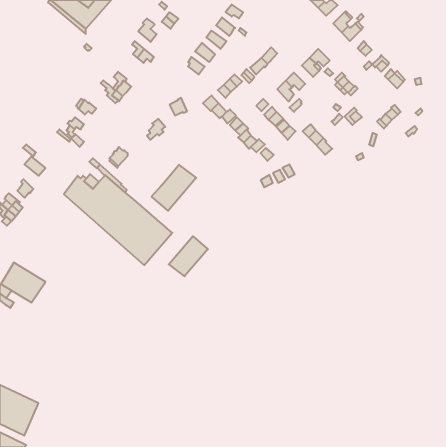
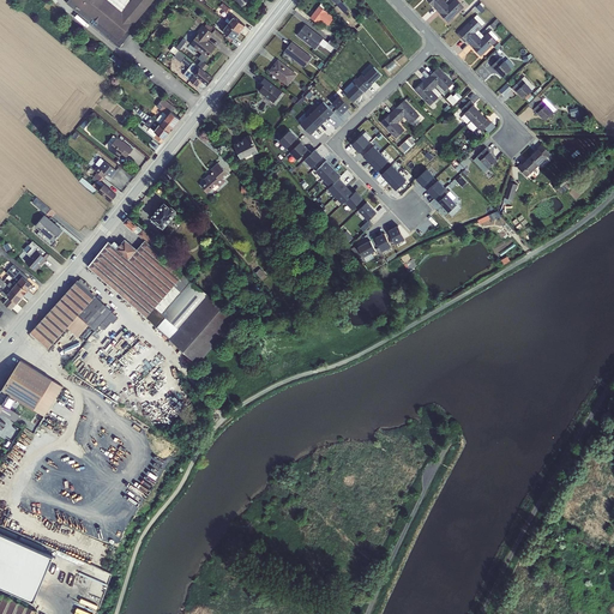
building: [152,165,196,211] -> none
building: none -> [29,279,110,349]
building: [169,236,208,276] -> none

